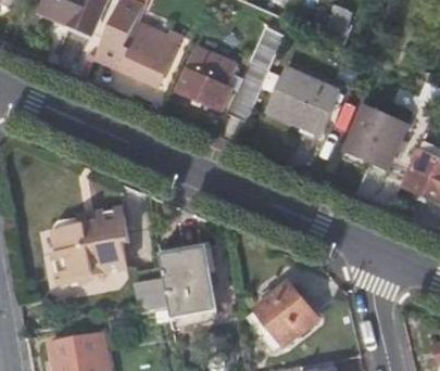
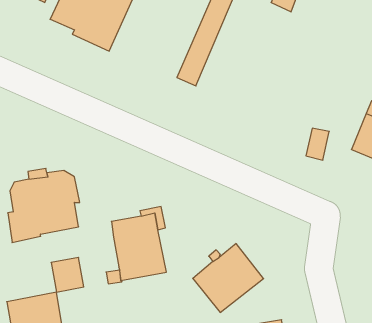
building: [176,47,239,112] -> none
building: [267,66,341,133] -> none
building: [343,103,410,168] -> none
building: [133,277,166,312] -> [51,257,84,292]

